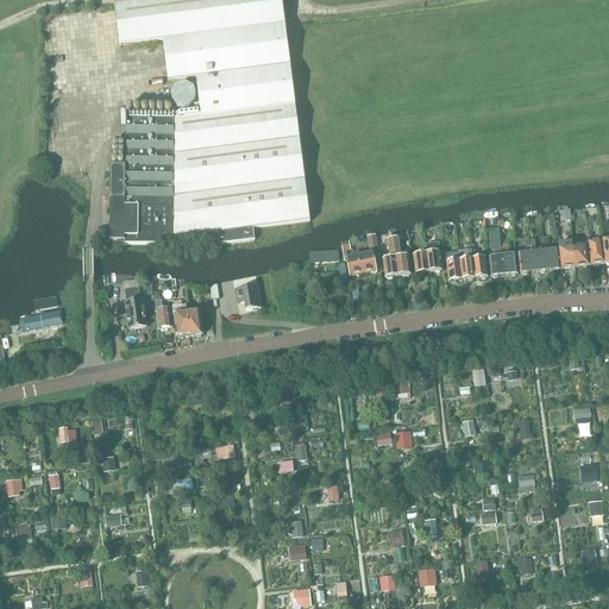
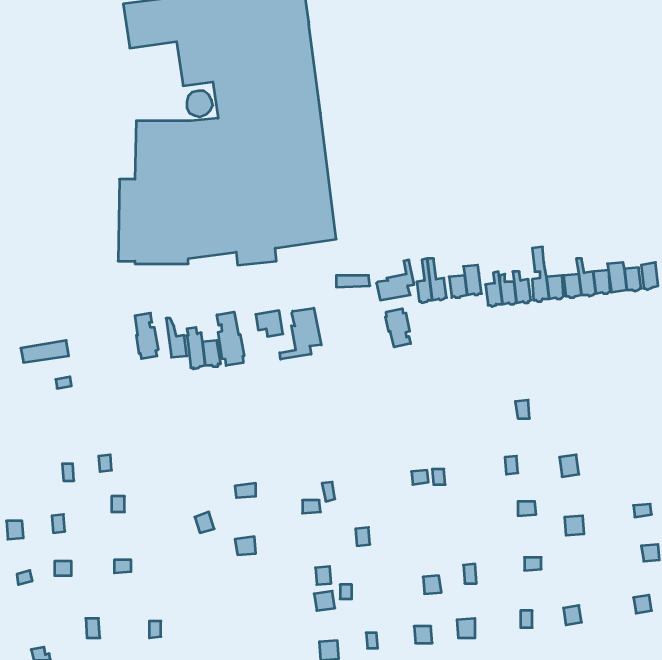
building: none -> [280,308,321,359]
building: none -> [385,309,411,347]
building: none -> [217,312,244,366]

